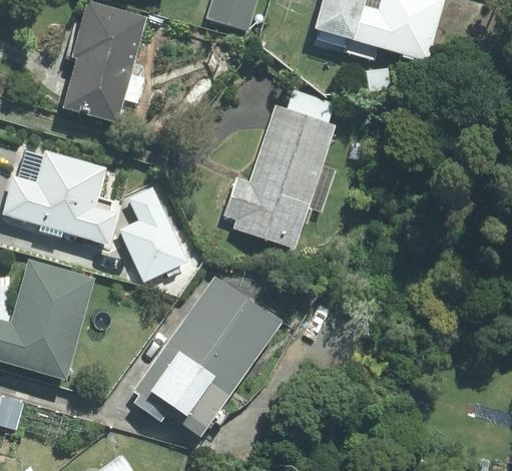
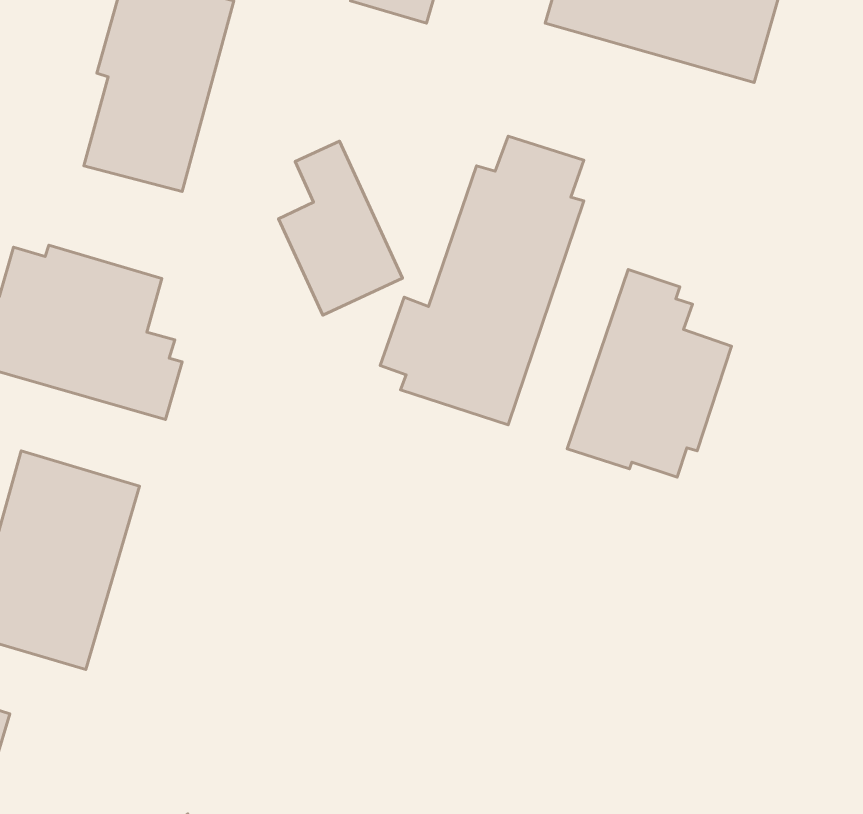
building: none -> [567,270,732,477]
building: [120,188,187,283] -> [278,141,402,315]
building: [132,275,281,435] -> none

